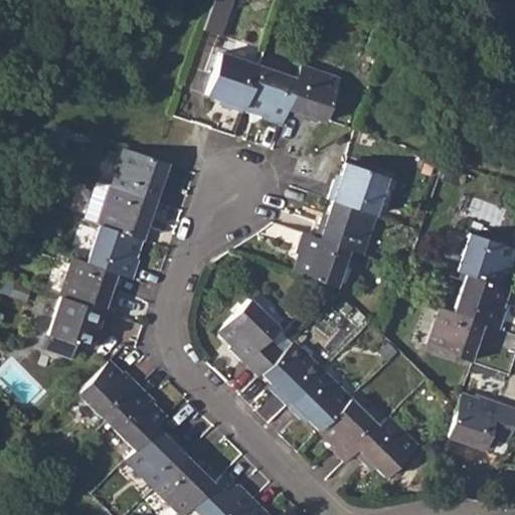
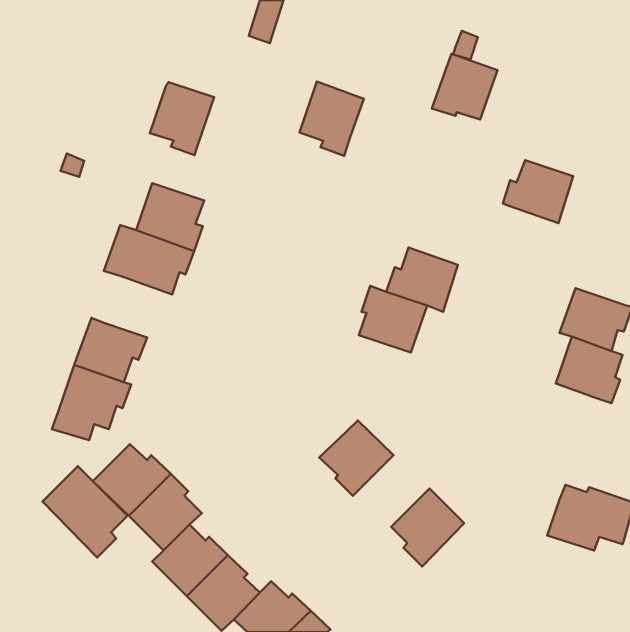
building: [207,54,260,114] -> [150,82,214,155]
building: [287,67,340,121] -> [432,54,497,119]
building: [329,164,386,215] -> [503,160,573,223]
building: [87,224,142,279] -> none
building: [219,300,284,376] -> none
building: [427,308,487,360] -> none
building: [289,370,351,428] -> none
building: none -> [43,466,128,557]
building: [354,416,417,476] -> none

